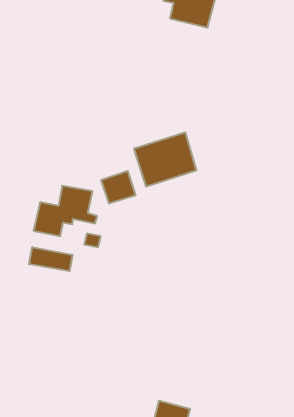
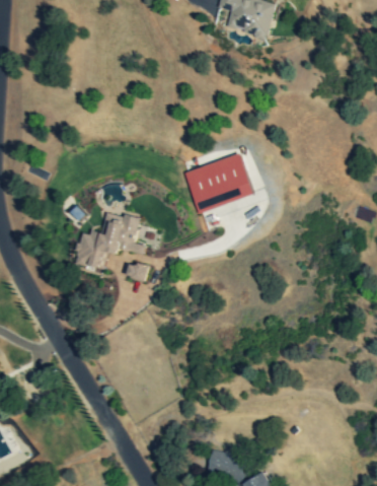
building: [101,171,135,204] -> none
building: [29,247,72,271] -> none

